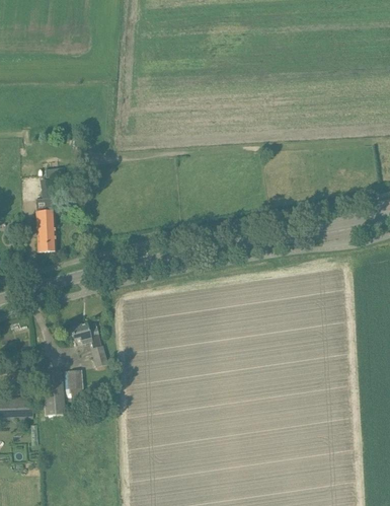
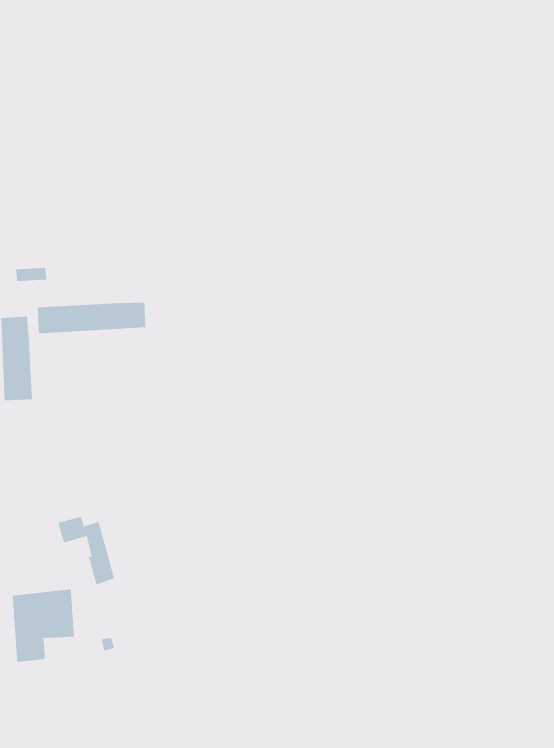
building: none -> [37,302,146,334]

